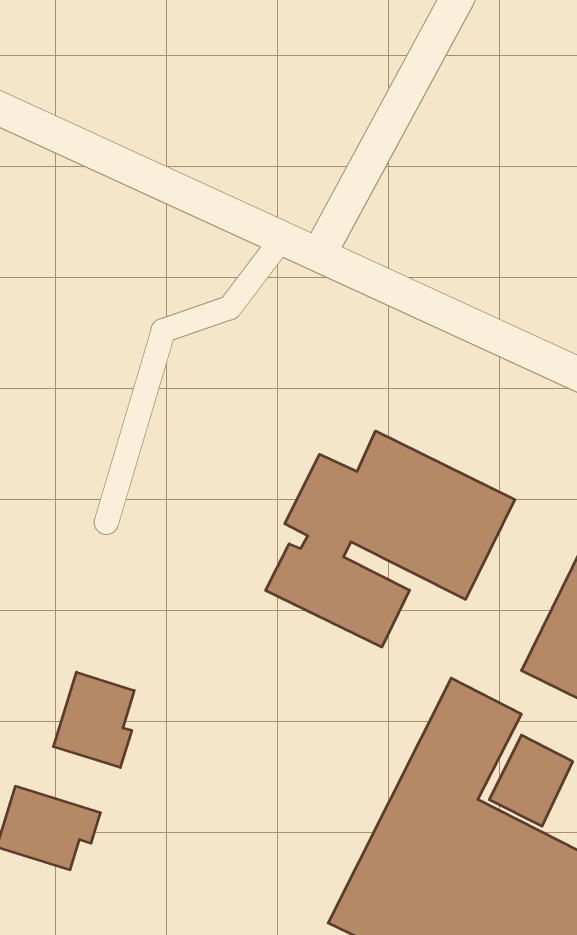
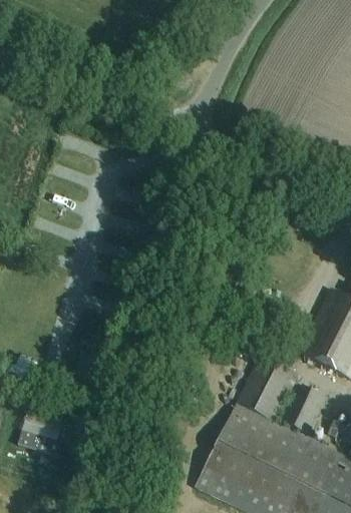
building: [266,431,515,647] -> none
building: [53,672,134,768] -> none

